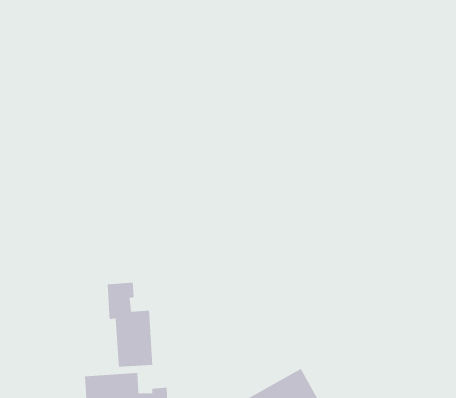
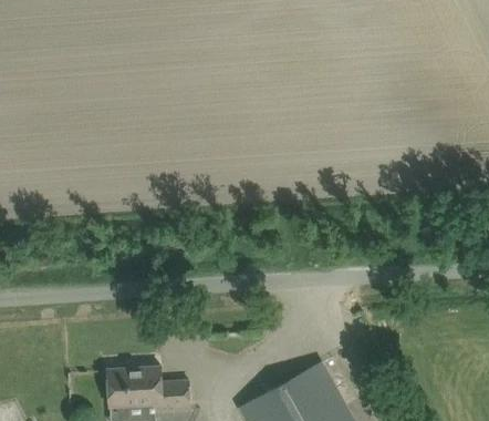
building: [107,282,153,368] -> none

